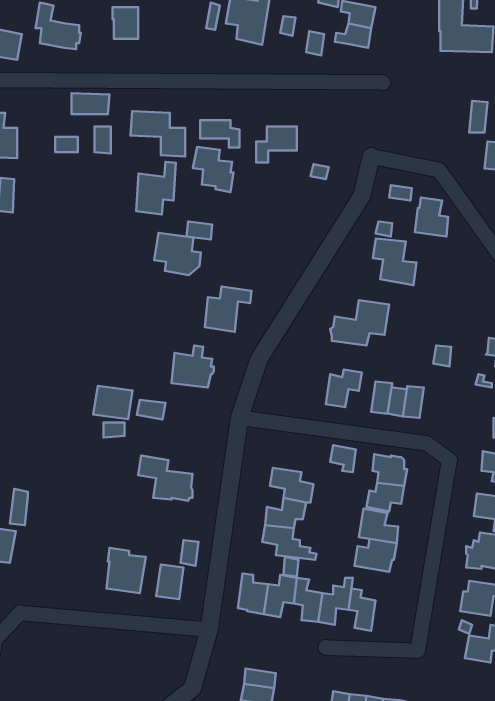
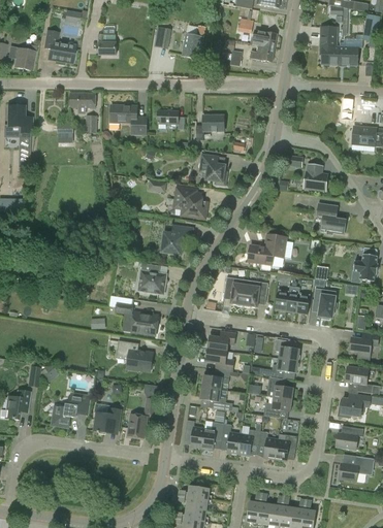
building: [193,147,234,192] -> [199,154,227,185]
building: [136,162,176,215] -> none
building: [154,233,201,275] -> [174,188,206,217]
building: [373,238,417,285] -> [316,202,346,234]
building: none -> [225,276,247,304]
building: none -> [314,288,337,319]
building: [93,386,133,419] -> [131,311,158,334]
building: none -> [208,329,236,351]
building: none -> [52,391,92,426]
building: none -> [275,434,297,460]

